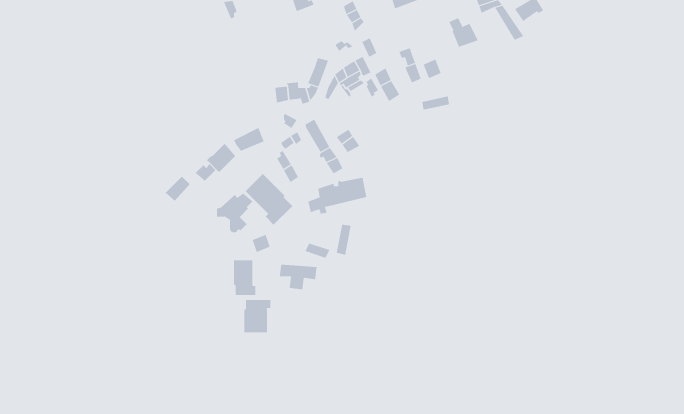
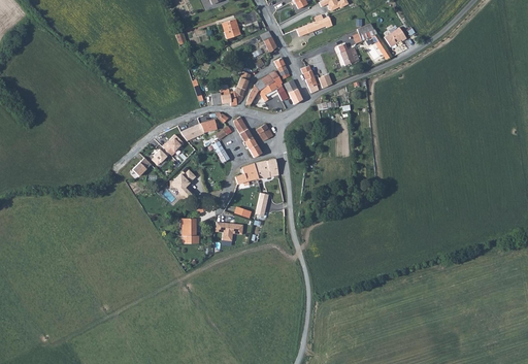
building: [245,173,293,225] -> none
building: [244,299,271,333] -> none

